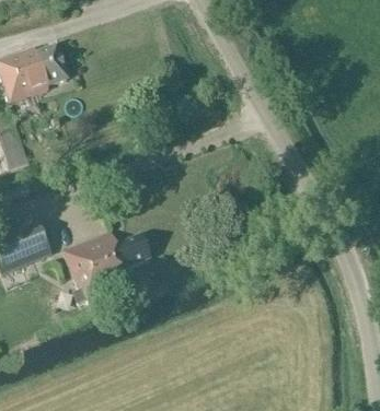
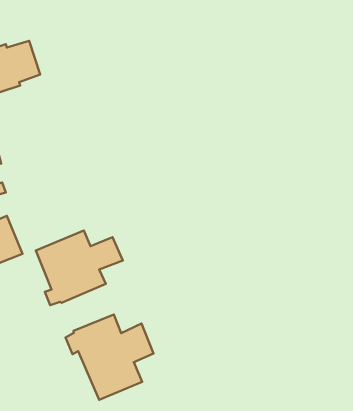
building: none -> [65,314,154,400]

